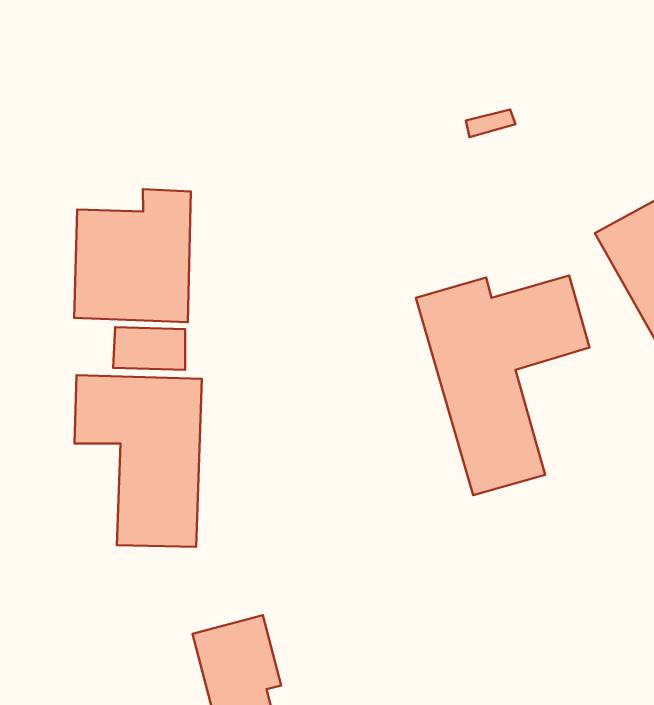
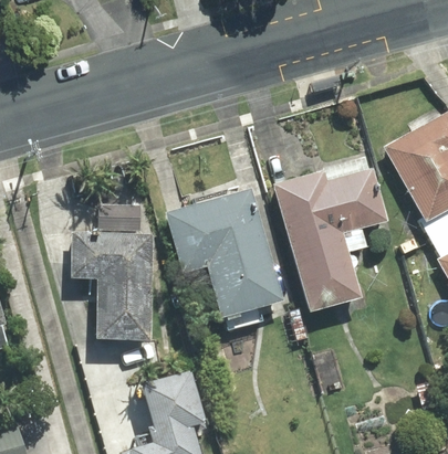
building: [74,189,191,322] -> none
building: none -> [169,194,278,314]

